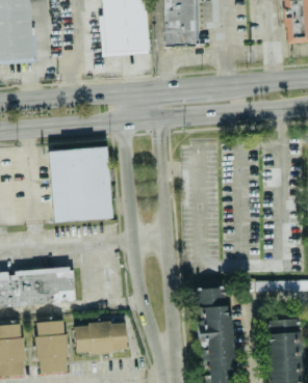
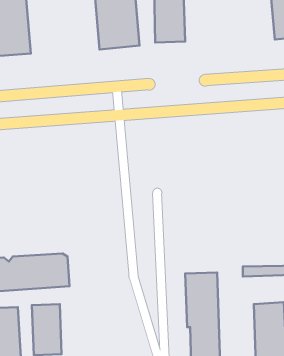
building: [51,148,112,223] -> none
building: [73,320,126,353] -> none

